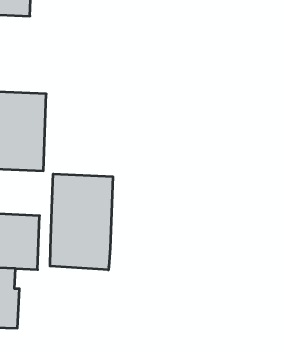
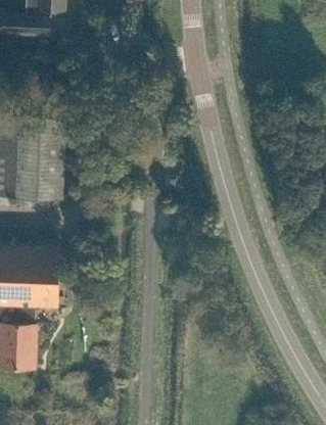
building: [50,174,113,270] -> none

